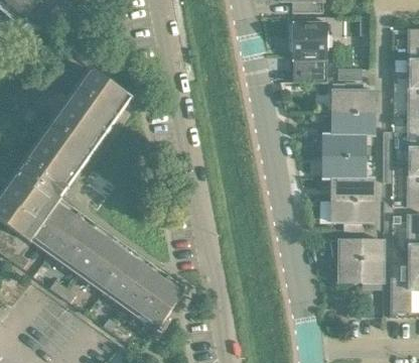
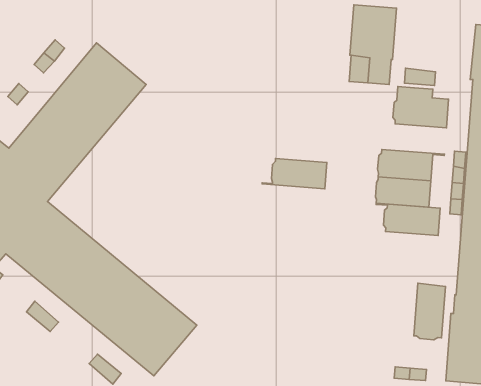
building: [324,115,375,136] -> [262,159,327,189]
building: [330,202,375,231] -> none
building: [330,241,362,285] -> none

